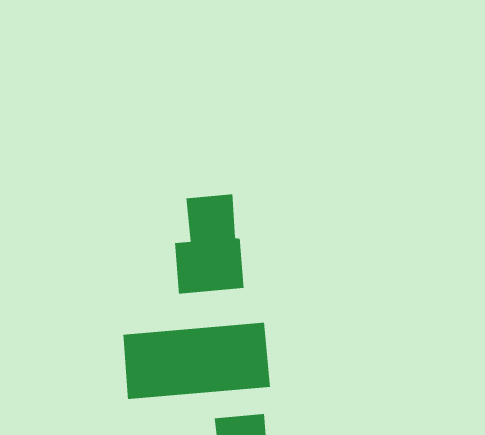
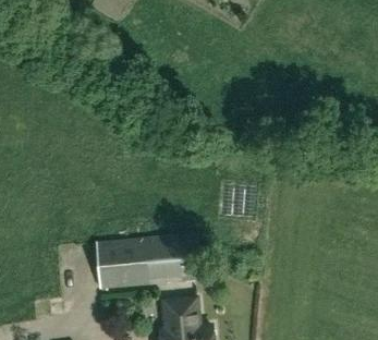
building: [174,194,244,294] -> none

